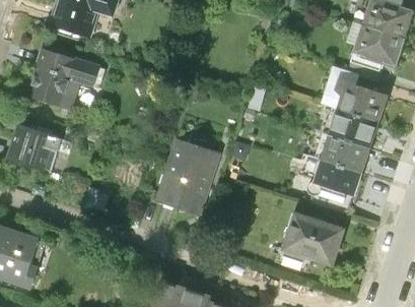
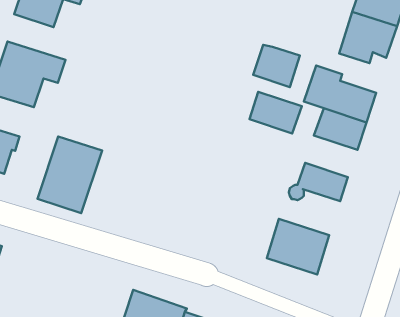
building: none -> [253,45,300,87]
building: [321,136,369,175] -> [249,92,302,133]
building: [158,142,218,213] -> [38,136,102,213]

